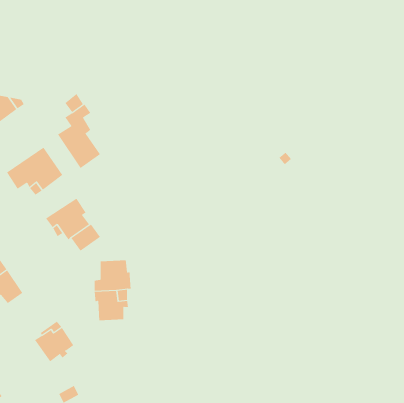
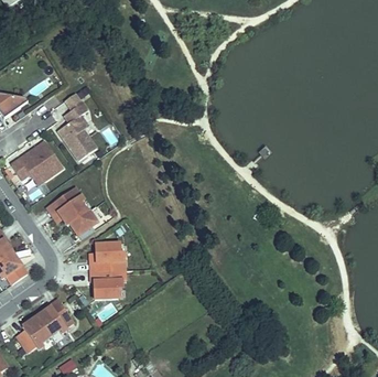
building: none -> [17,316,51,352]

